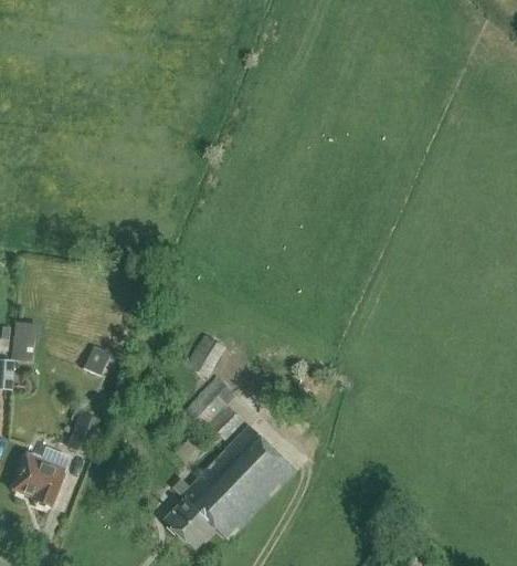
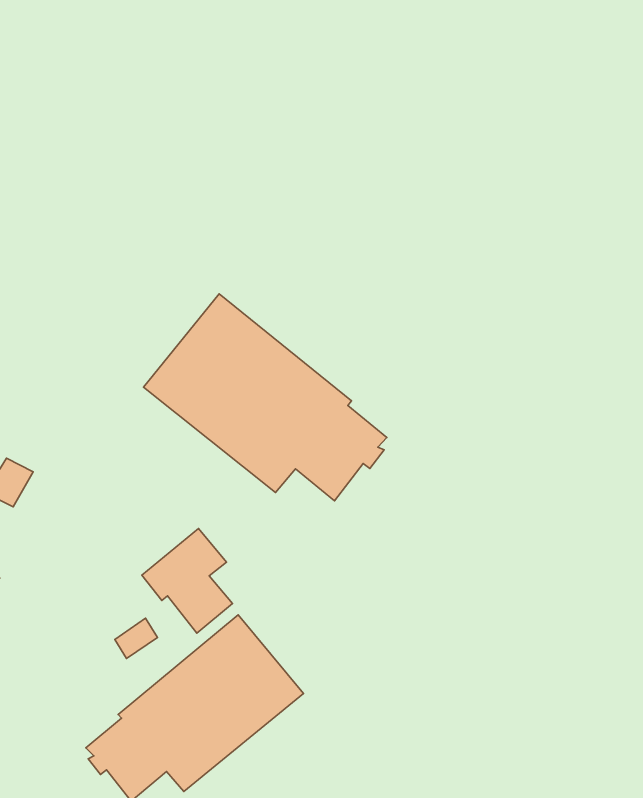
building: none -> [143,294,387,501]
building: [186,333,225,376] -> none

